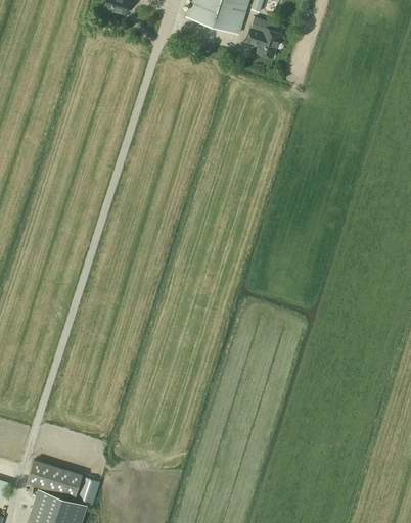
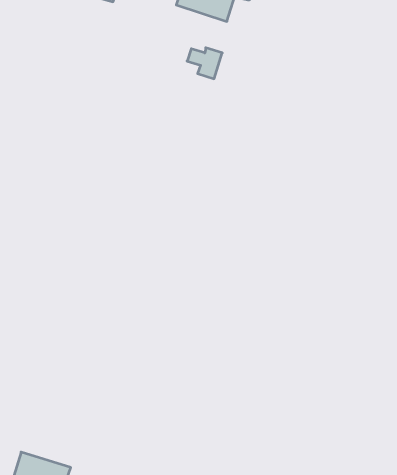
building: [247,27,282,57] -> [187,48,222,79]

